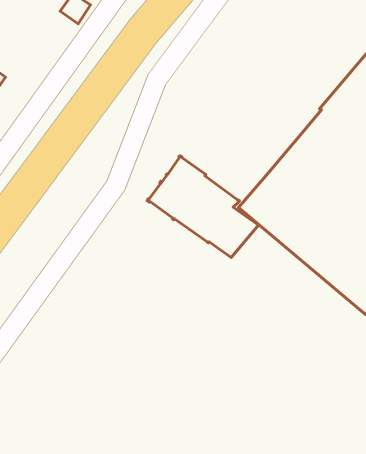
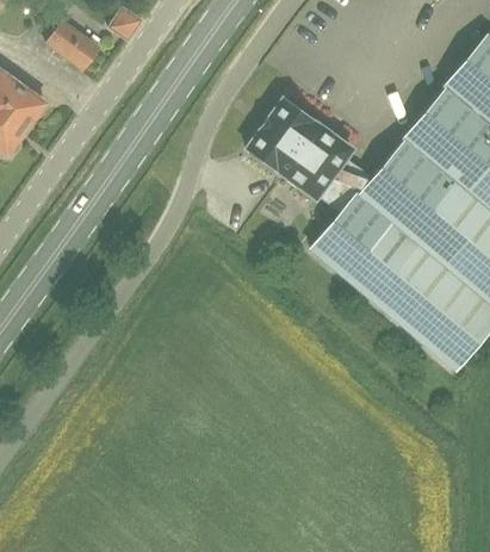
building: none -> [45,20,99,69]
building: [147,156,258,258] -> [246,98,372,213]

